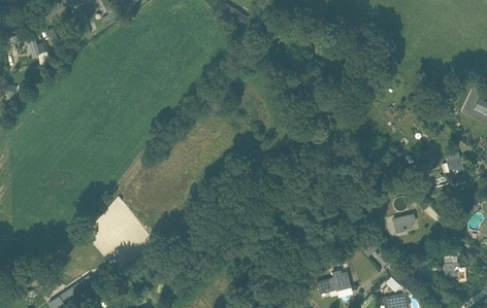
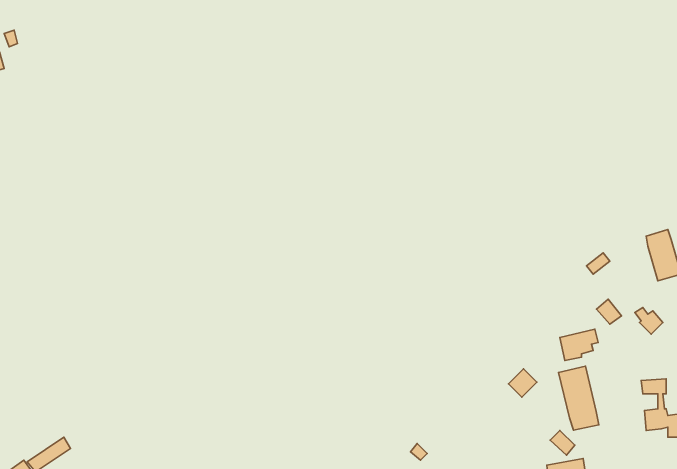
building: none -> [559,366,599,430]
building: [315,270,350,294] -> none

